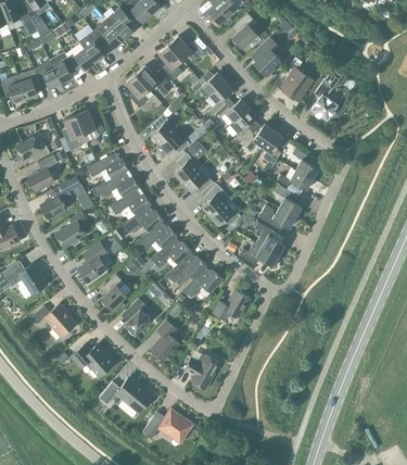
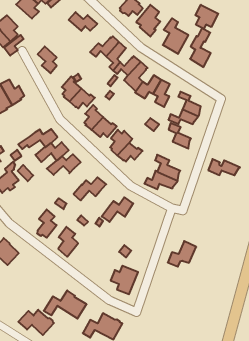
building: [93,18,124,47] -> none
building: none -> [195,5,218,29]
building: [158,45,182,79] -> none
building: [136,65,168,95] -> none
building: [87,156,128,183] -> none
building: [258,204,297,227] -> [208,159,240,175]
building: [136,226,177,250] -> none
building: [77,241,107,282] -> none
building: [166,255,207,285] -> none
building: [213,289,250,319] -> [168,241,196,267]
building: [151,319,178,360] -> none
building: [71,344,114,376] -> [18,310,54,335]

